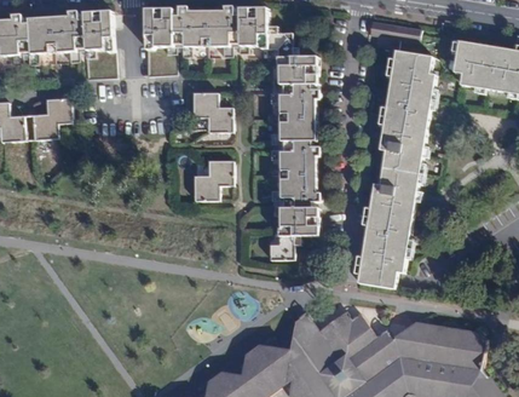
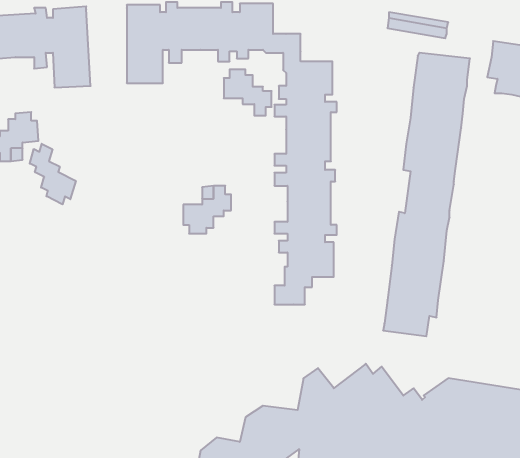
building: [192,93,232,132] -> [224,69,272,116]
building: none -> [30,144,76,204]

